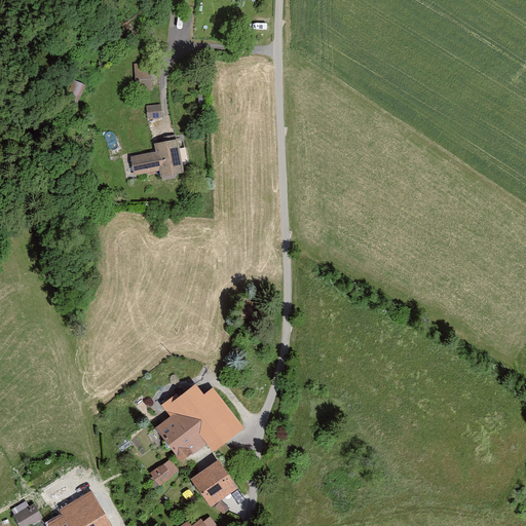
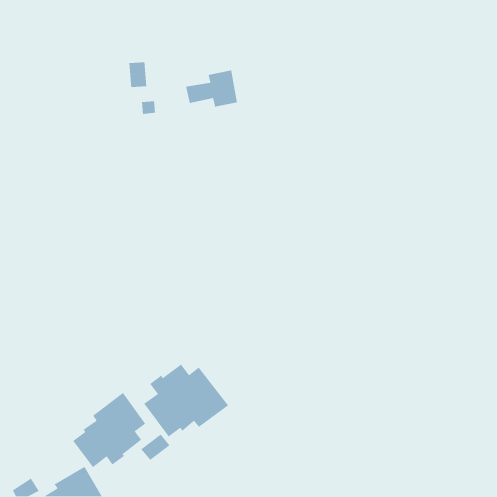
building: [135,141,190,181] -> [185,70,238,108]
building: none -> [72,392,146,468]
building: [189,458,237,508] -> none

